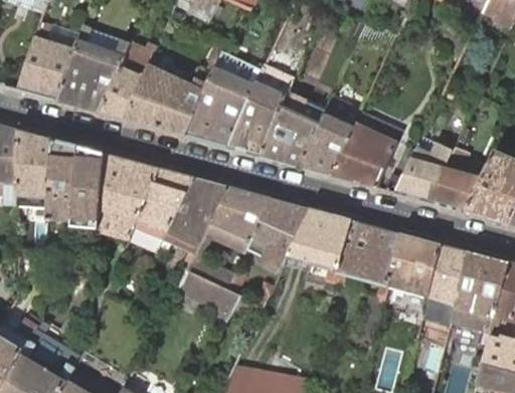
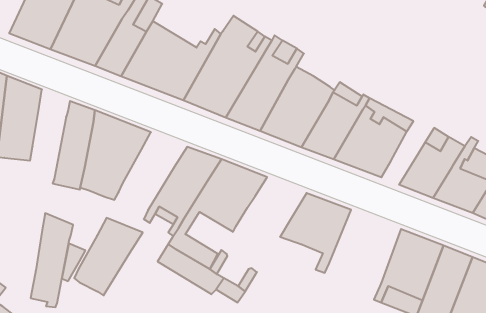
building: [48,140,80,226] -> [31,213,73,307]
building: [135,169,194,241] -> [74,218,143,295]
building: [247,199,310,271] -> none
building: [335,221,401,303] -> none

